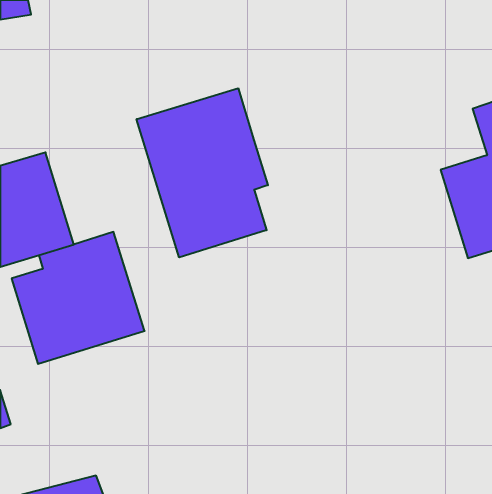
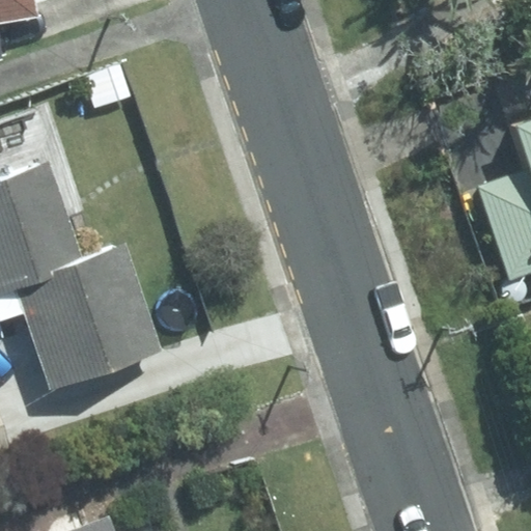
building: [137,88,268,257] -> none

